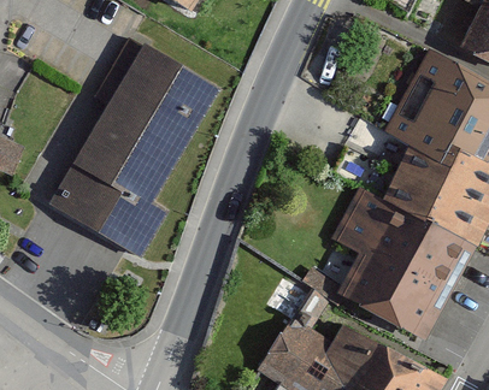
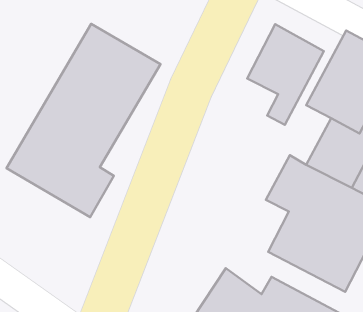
building: none -> [247,24,324,125]

